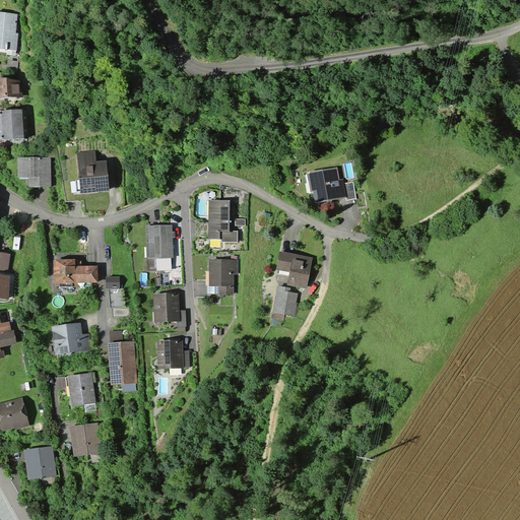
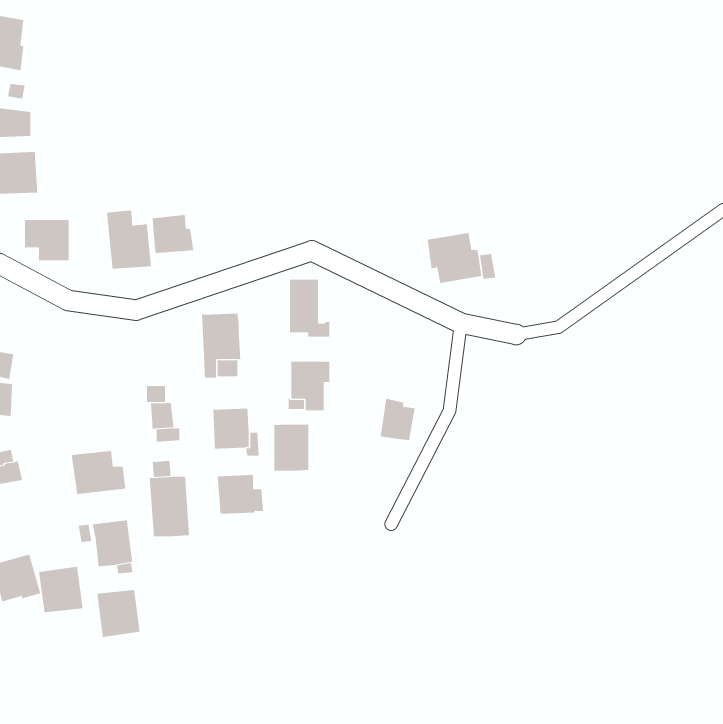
building: none -> [152,214,194,254]
building: [275,251,312,288] -> none
building: [53,259,96,283] -> none
building: none -> [274,424,309,471]
building: [23,446,56,479] -> [38,566,84,613]

